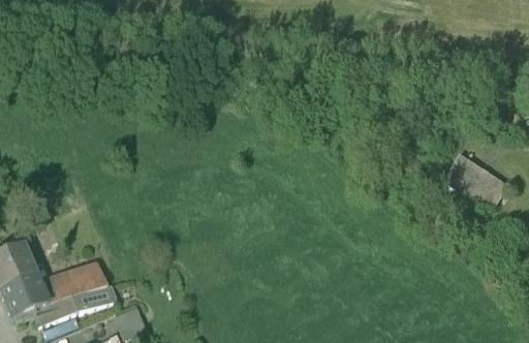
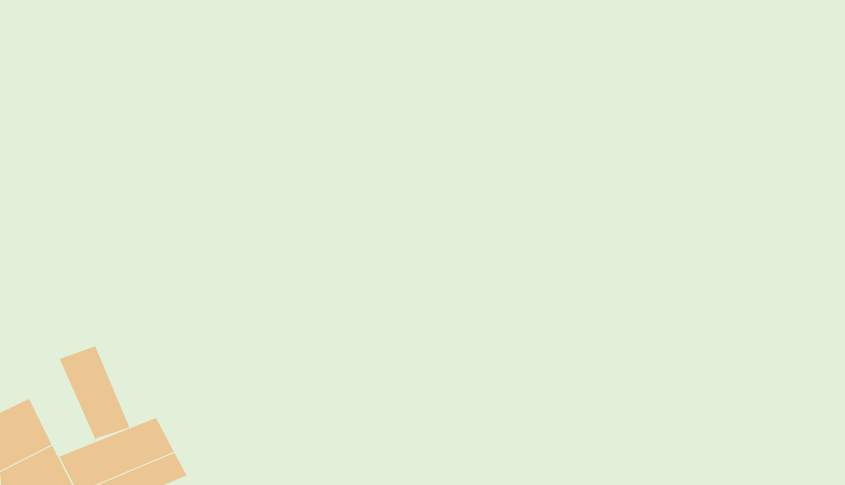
building: [448,155,509,208] -> none
building: none -> [59,346,130,439]

